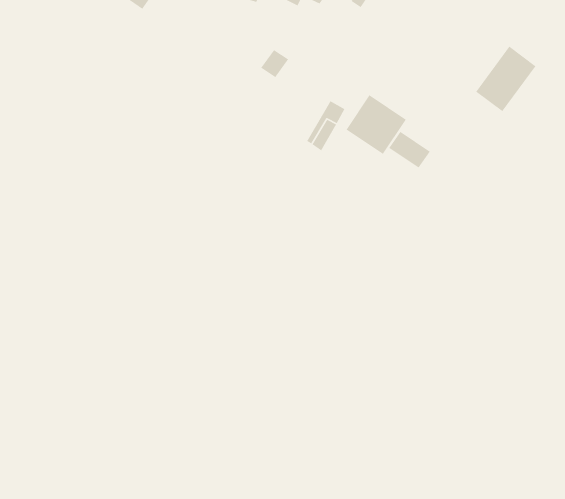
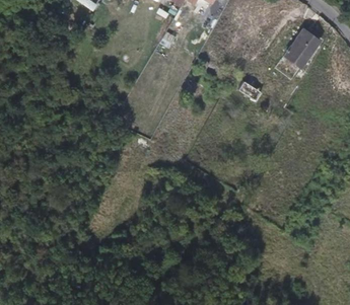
building: [346,94,407,155] -> none

